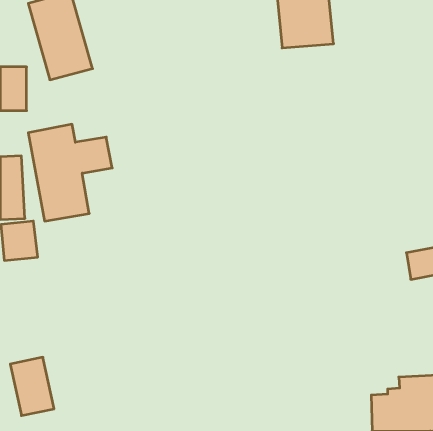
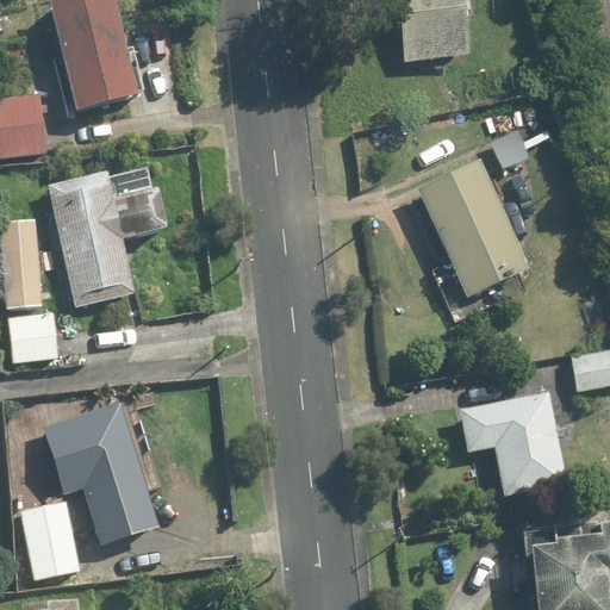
building: none -> [418,164,525,301]
building: none -> [459,390,567,493]
building: none -> [64,402,156,543]

